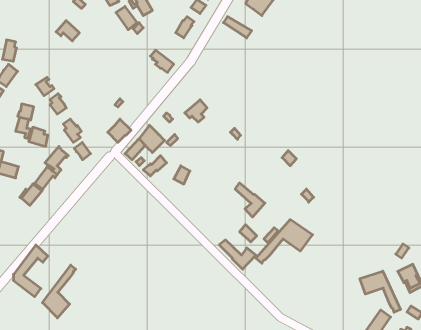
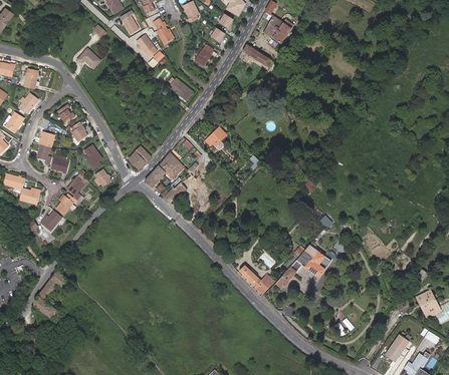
building: [235,183,265,217] -> none
building: [42,265,76,318] -> none
building: [360,271,401,312] -> none

